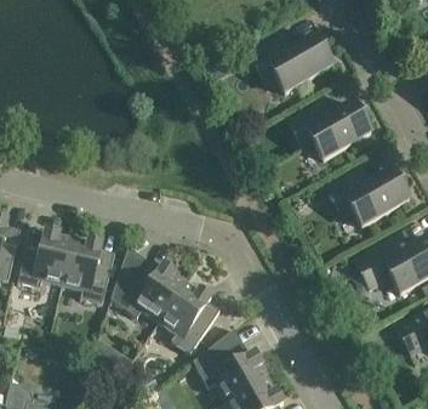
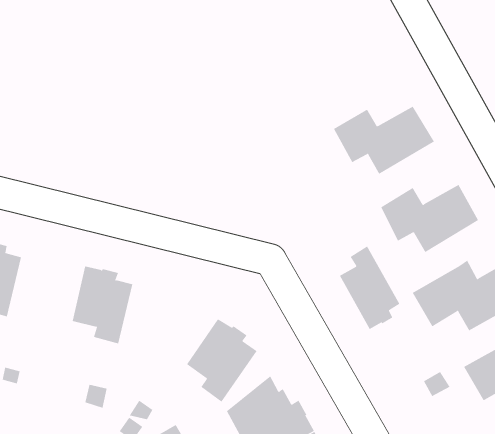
building: [246,35,332,93] -> none
building: none -> [339,245,400,330]
building: [18,229,74,289] -> none
building: [112,257,187,322] -> none

